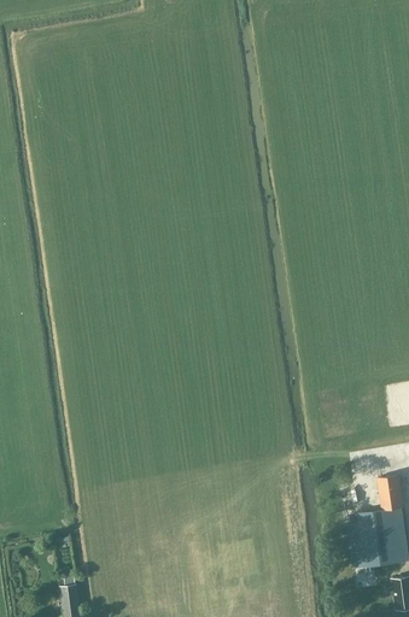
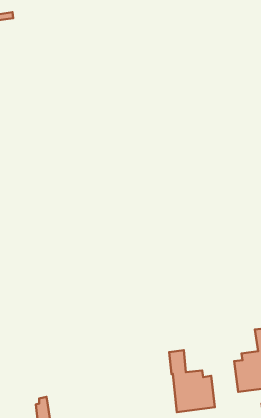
building: none -> [169,350,215,412]

